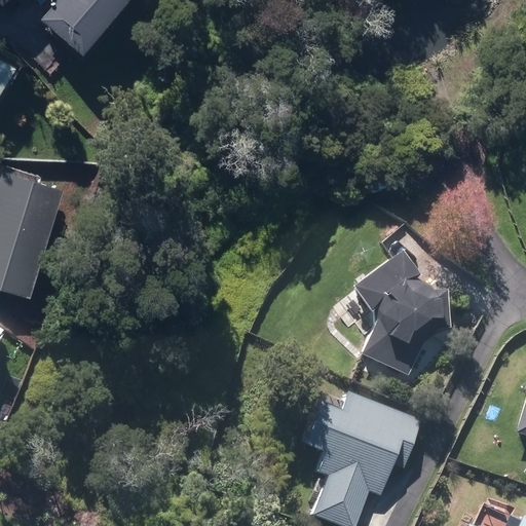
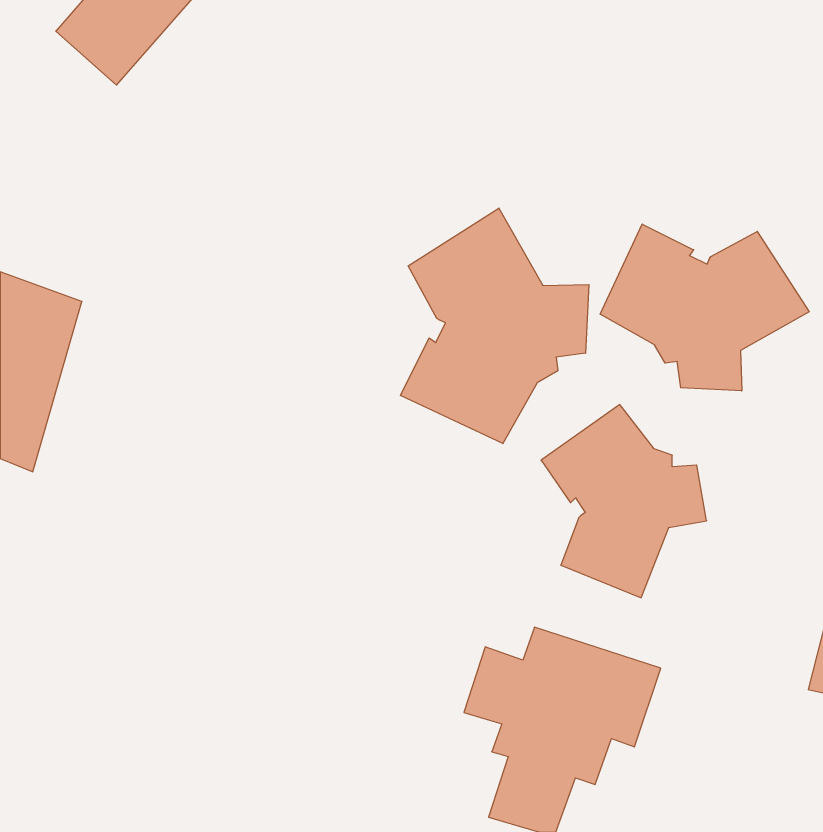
building: none -> [401,208,589,444]
building: none -> [600,224,809,391]

